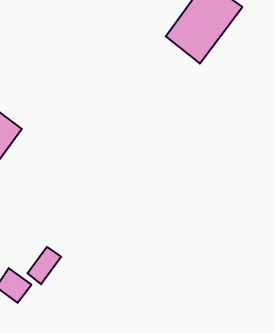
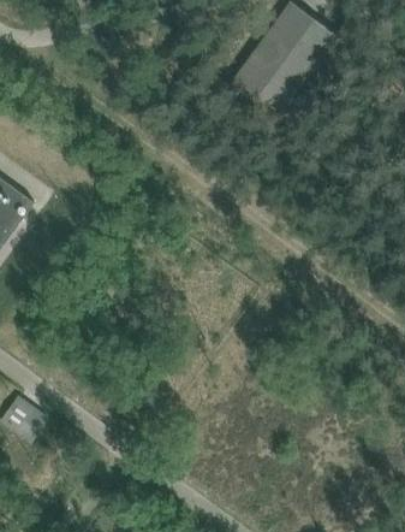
building: [27,247,61,284] -> none

